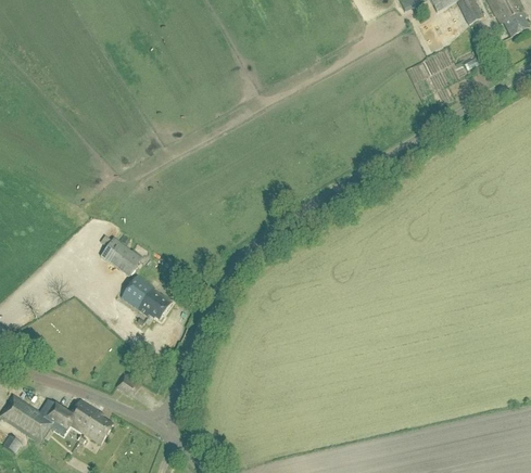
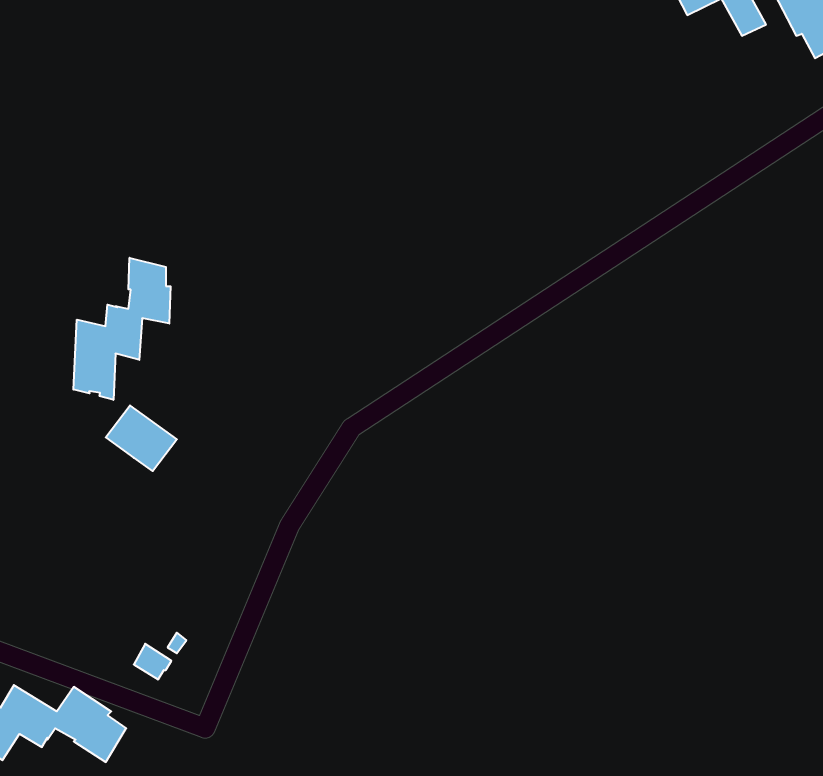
building: none -> [73,258,171,400]
building: [122,277,173,320] -> none

